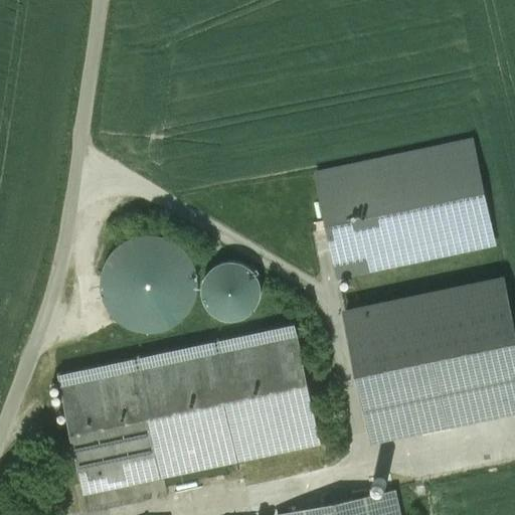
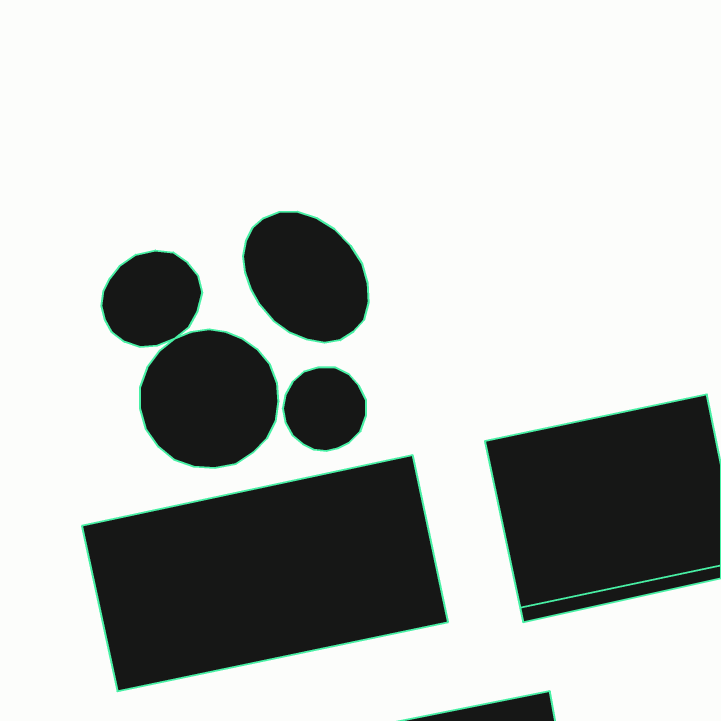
building: [315,144,494,277] -> none
building: none -> [243,212,368,343]
building: none -> [101,250,202,347]

